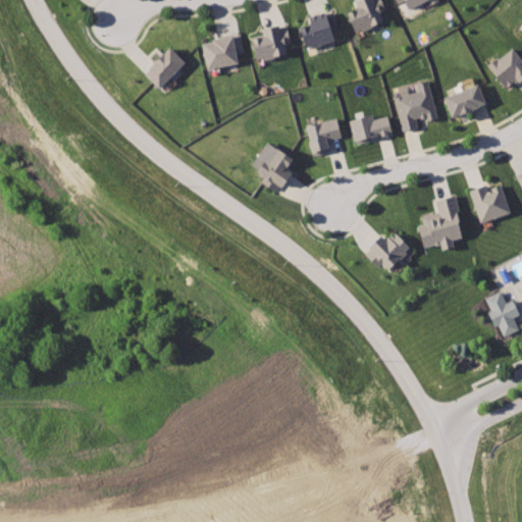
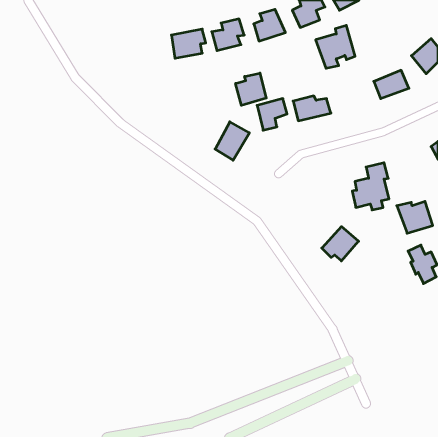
building: [145,48,185,88] -> none
building: [392,82,438,133] -> [316,25,355,68]
building: none -> [236,73,266,105]
building: [469,186,512,223] -> [397,201,433,233]
building: [367,230,411,271] -> [322,227,359,261]

